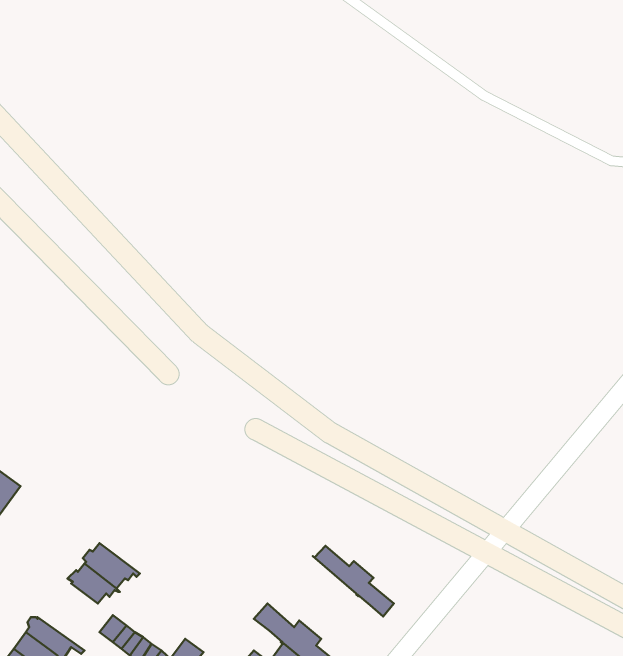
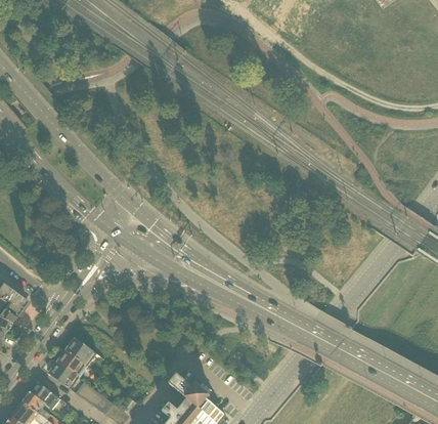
building: [313,546,394,617] -> none
building: none -> [47,364,76,391]

